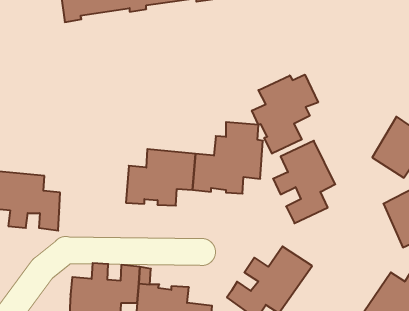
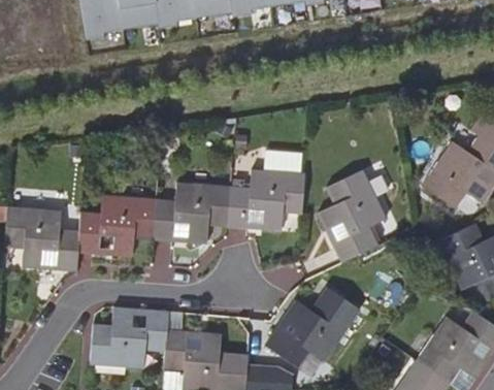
building: [252,75,318,154] -> none
building: none -> [78,195,156,256]

